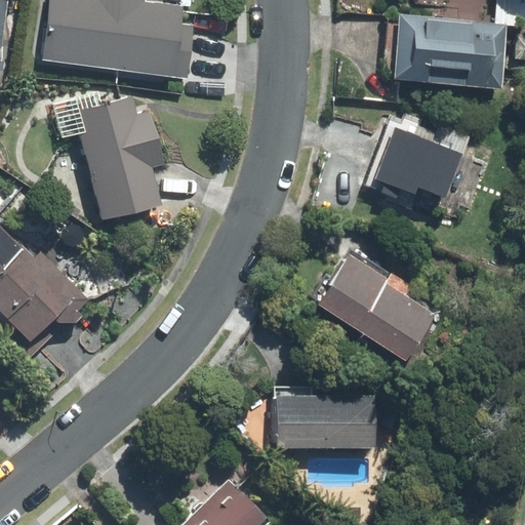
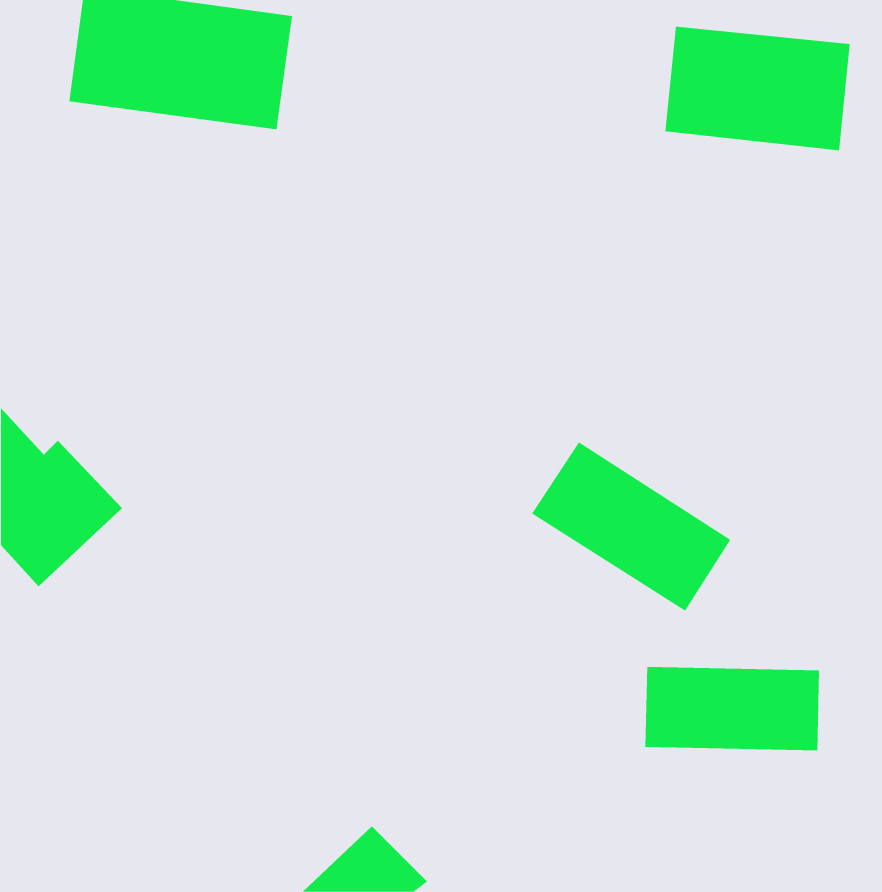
building: [76,103,157,219] -> none
building: [377,131,457,199] -> none
building: [274,398,376,447] -> [645,667,820,751]

